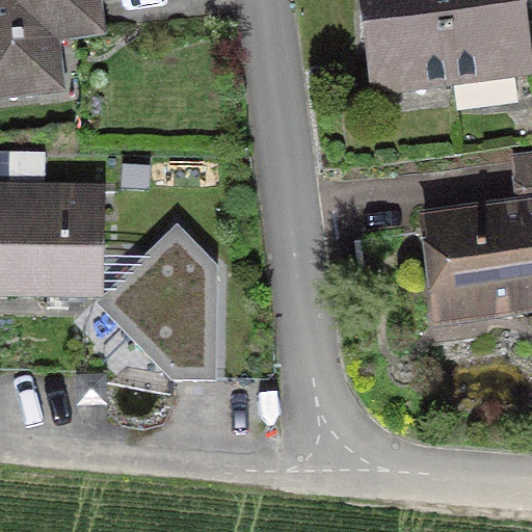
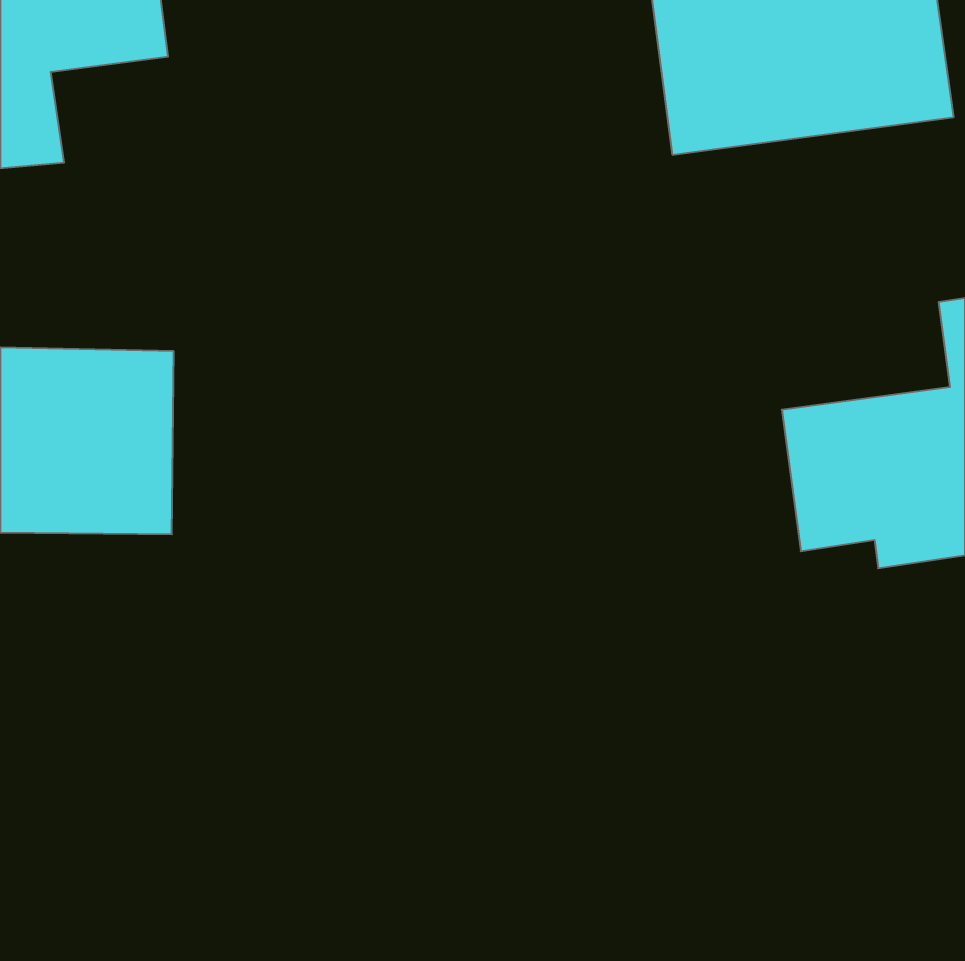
building: [101,223,219,381] -> none

